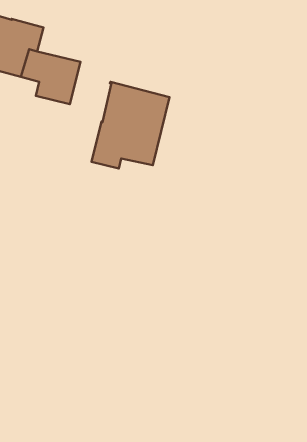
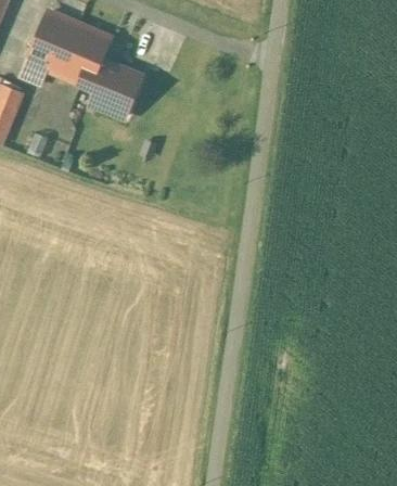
building: [92,82,169,169] -> none

